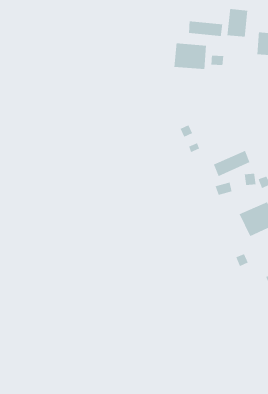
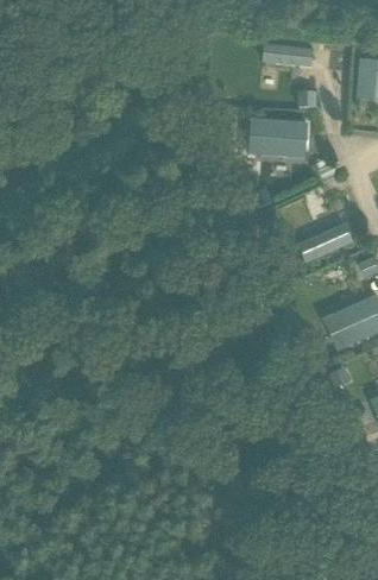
building: [227,8,248,38] -> none
building: [173,43,207,70] -> [260,119,307,157]

